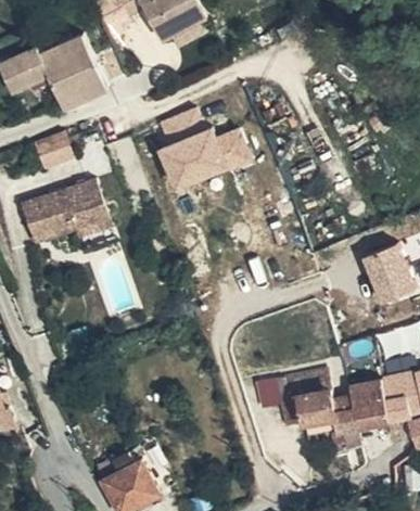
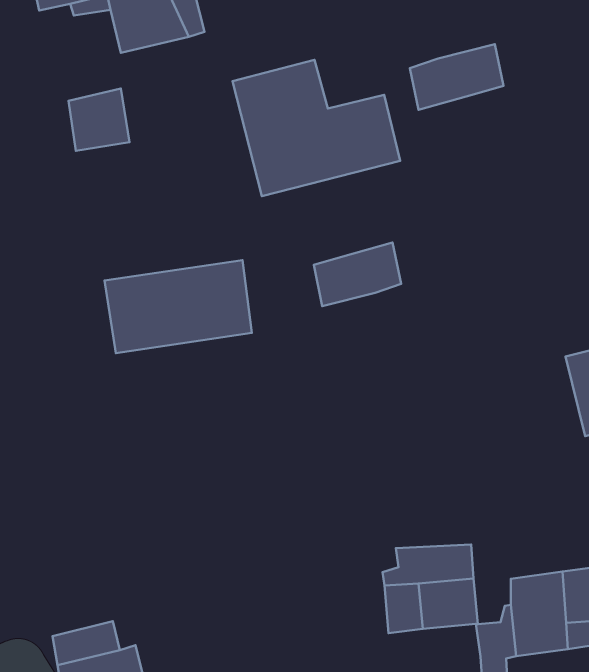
building: none -> [410,44,503,110]
building: [33,190,123,255] -> [104,260,252,353]
building: none -> [314,243,401,306]

